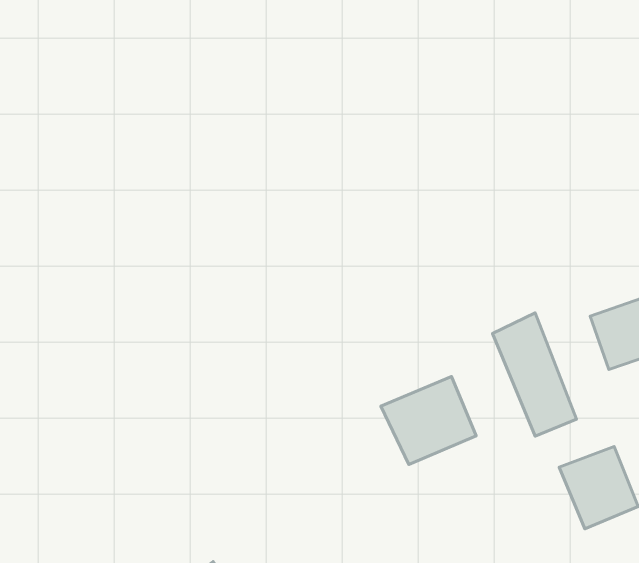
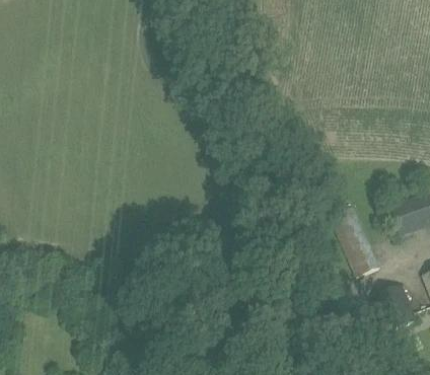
building: [381,377,476,464] -> none

